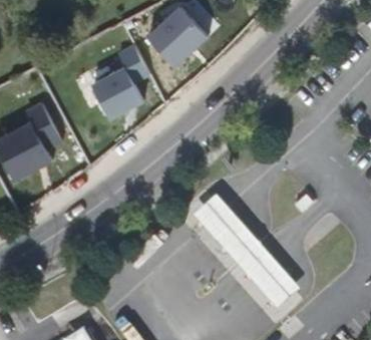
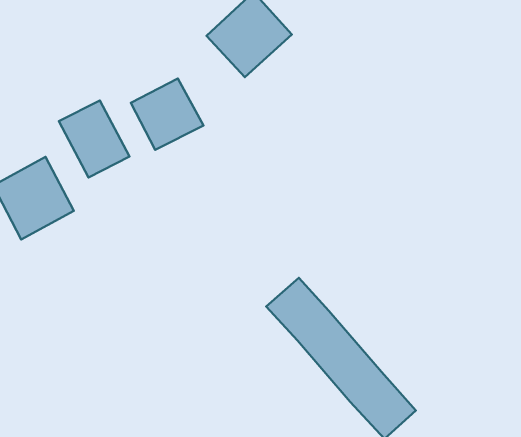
building: none -> [59,100,129,177]

